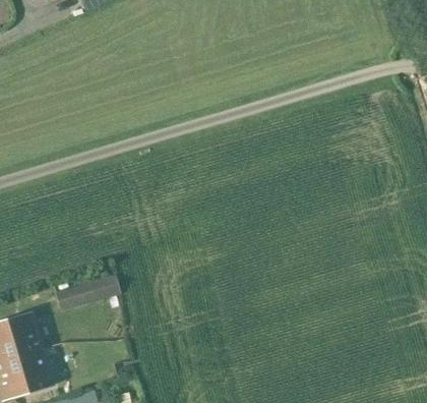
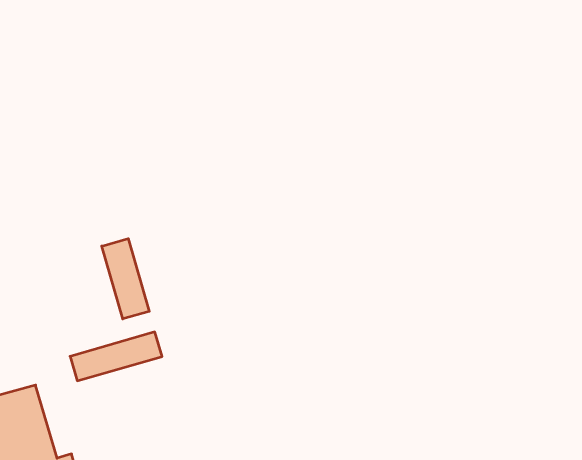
building: none -> [102,239,149,319]

